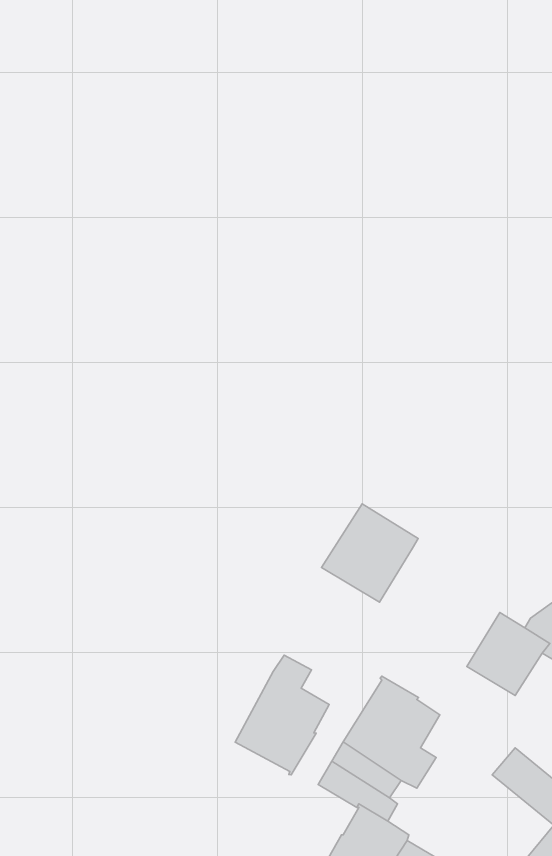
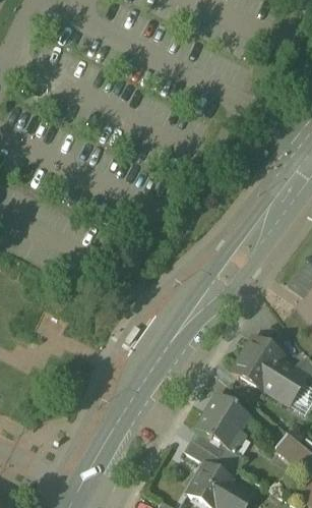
building: [322,504,418,602] -> [232,337,283,389]
building: [235,655,329,775] -> none

